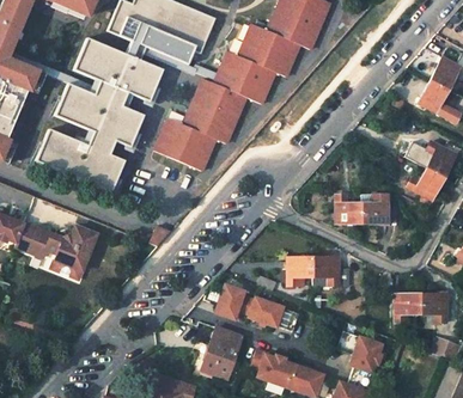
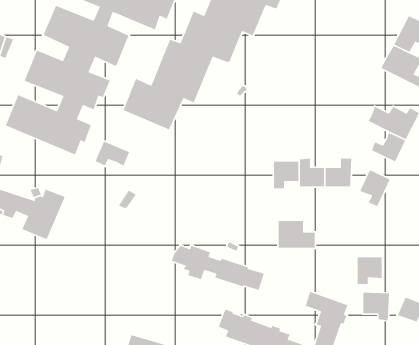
building: none -> [95,141,130,167]
building: none -> [359,169,391,207]
building: [287,257,313,286] -> [273,161,299,189]
building: [420,294,447,324] -> [363,292,390,321]
building: [203,325,244,376] -> none

